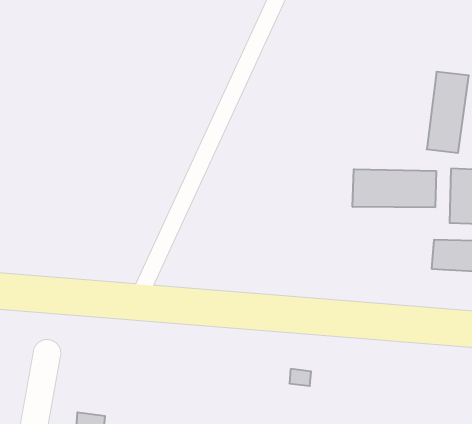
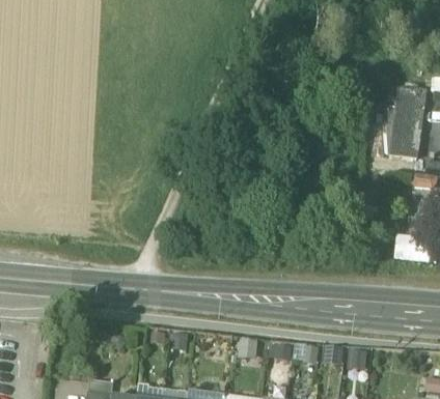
building: [353,169,436,207] -> none

